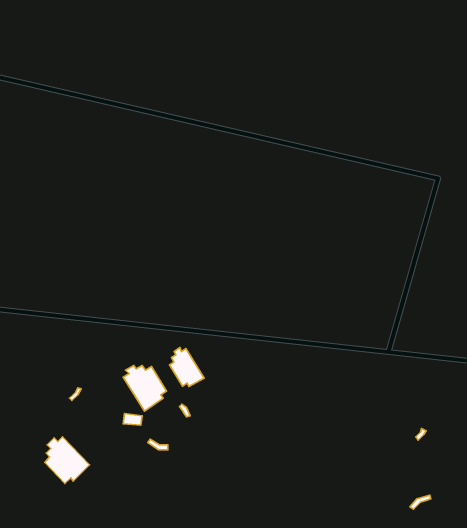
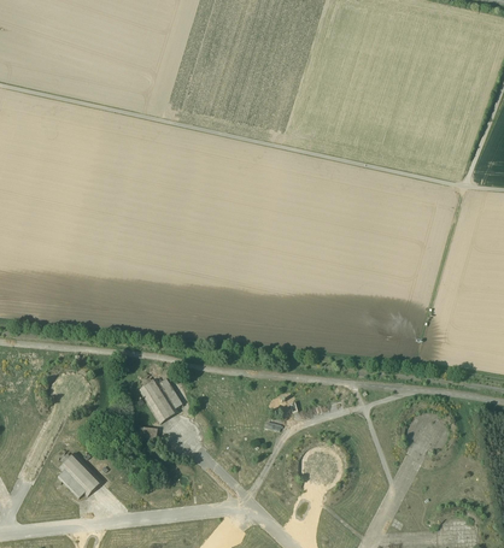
building: [169,347,204,386] -> none

